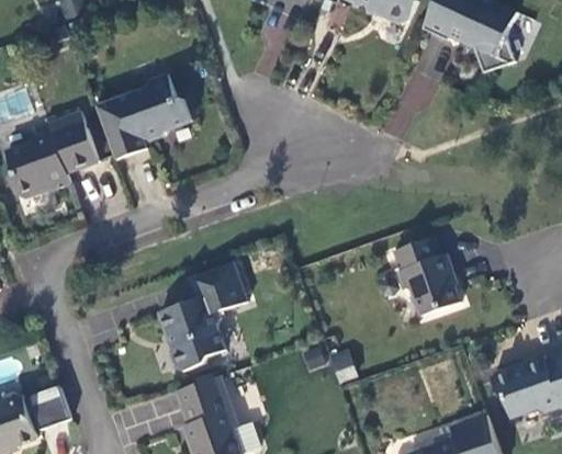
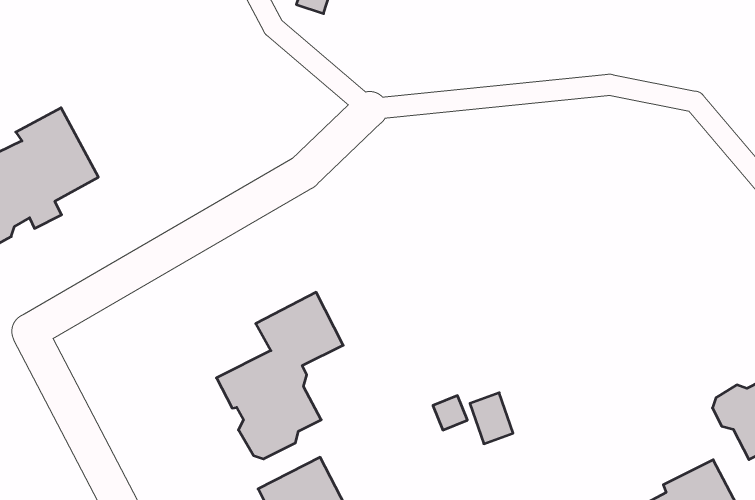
building: [95,76,191,161] -> none
building: [394,235,460,314] -> none

